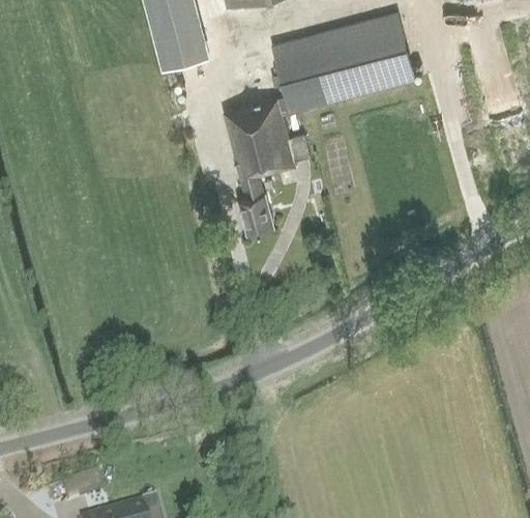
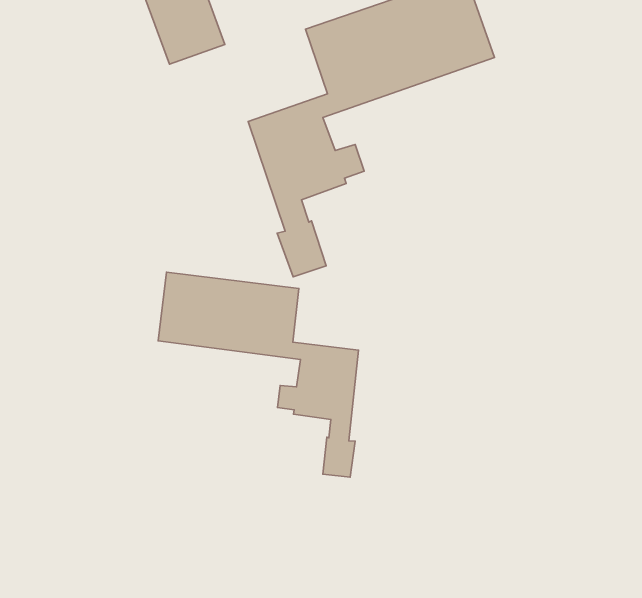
building: none -> [158,272,359,477]

